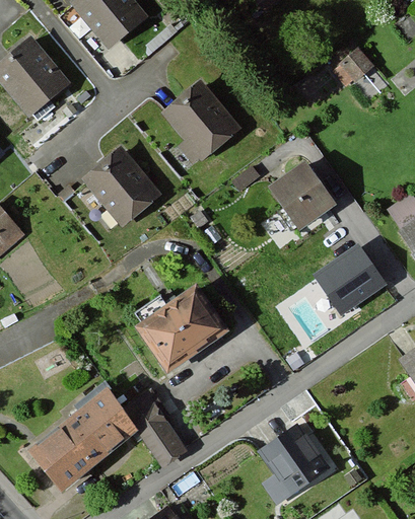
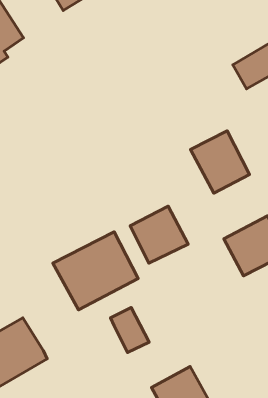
building: [161,76,245,165] -> none
building: [78,144,162,227] -> none
building: none -> [130,206,188,263]
building: [134,409,180,458] -> [110,307,149,352]

